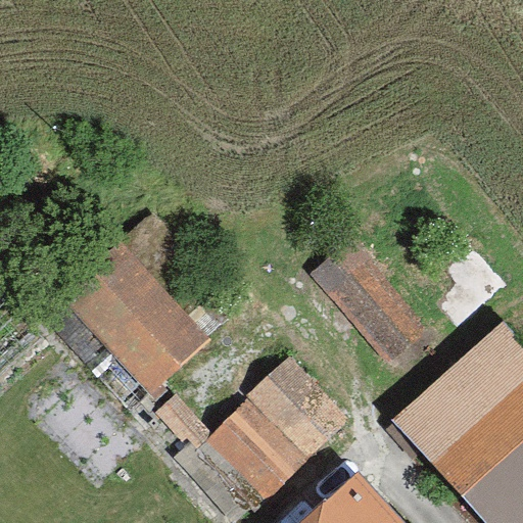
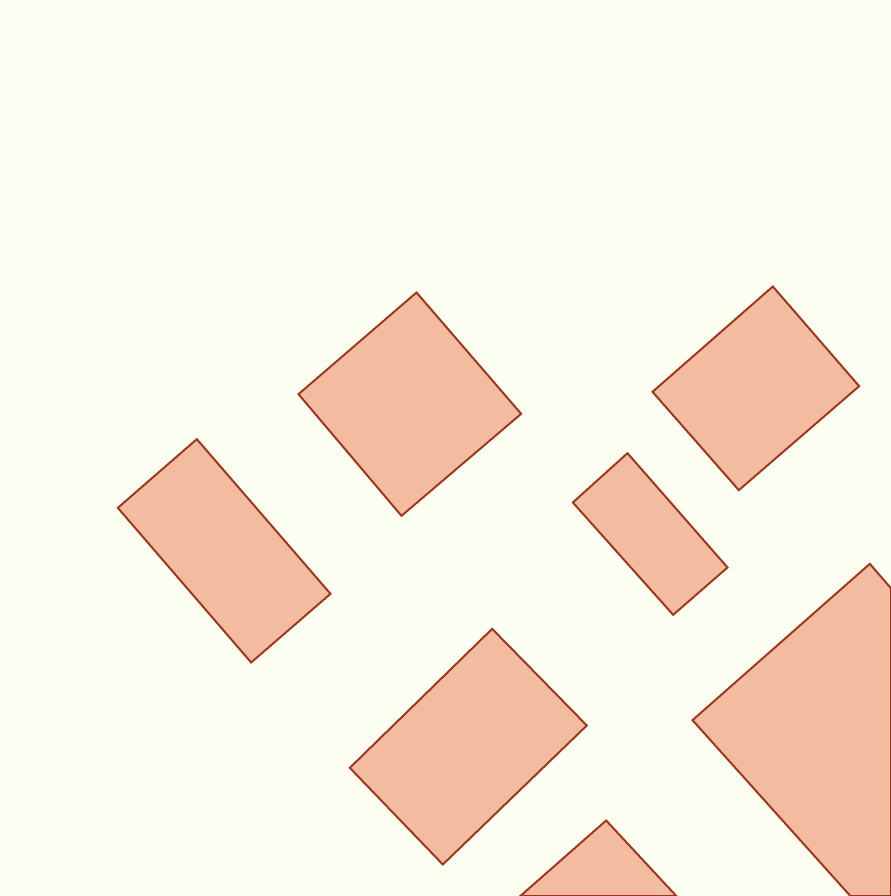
building: none -> [653,286,859,490]
building: none -> [298,292,521,516]

